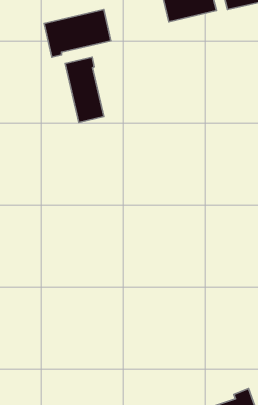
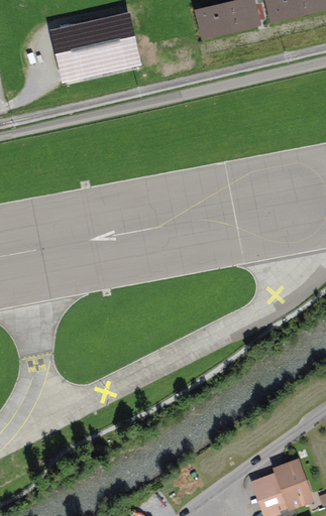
building: [65,57,104,123] -> none

